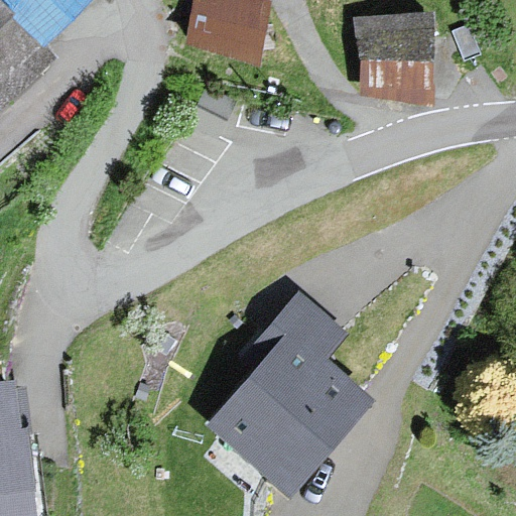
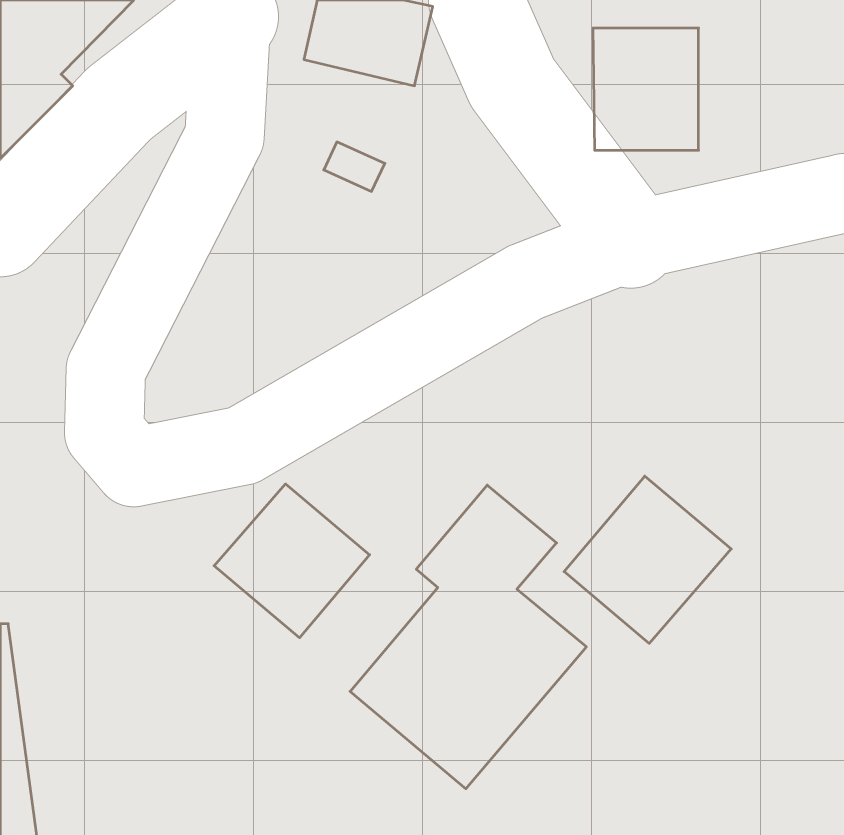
building: none -> [564,476,731,643]
building: none -> [214,484,370,638]

